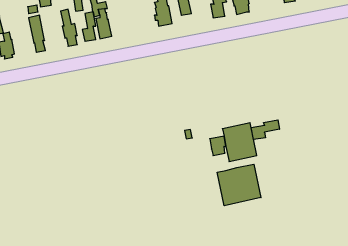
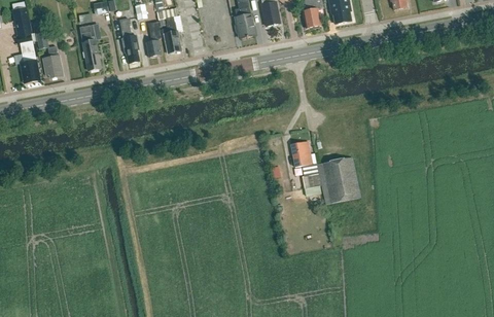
building: none -> [291,140,313,166]
building: [251,120,279,140] -> none
building: [217,164,261,206] -> none

